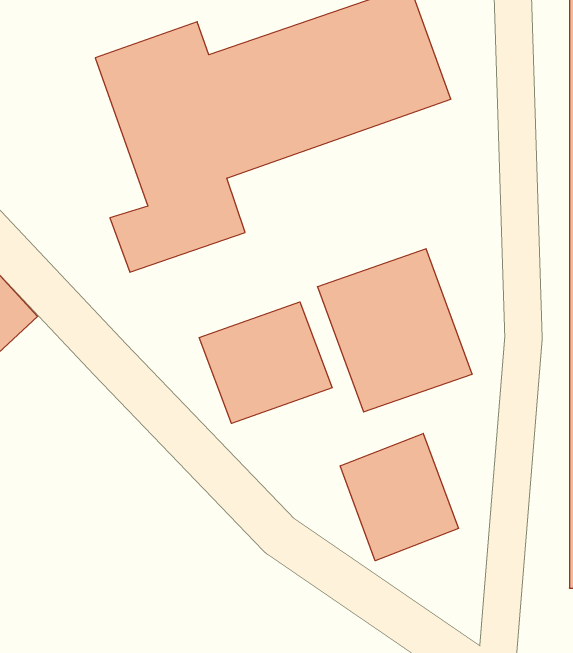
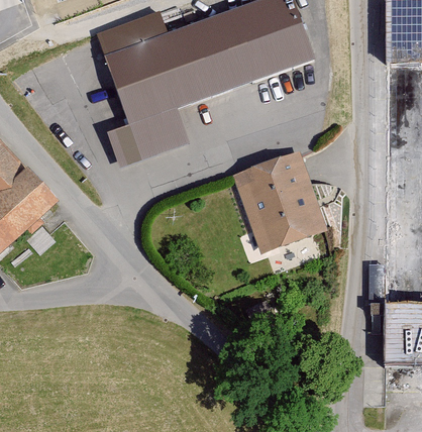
building: [199,302,332,423] -> none
building: [340,433,458,561] -> none

